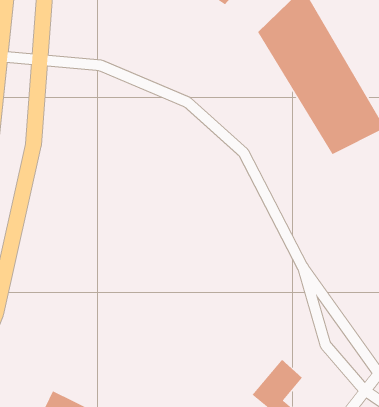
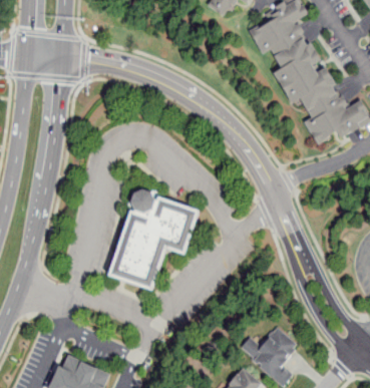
building: none -> [108,188,200,290]

